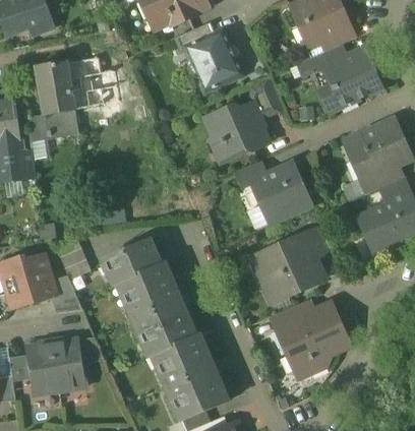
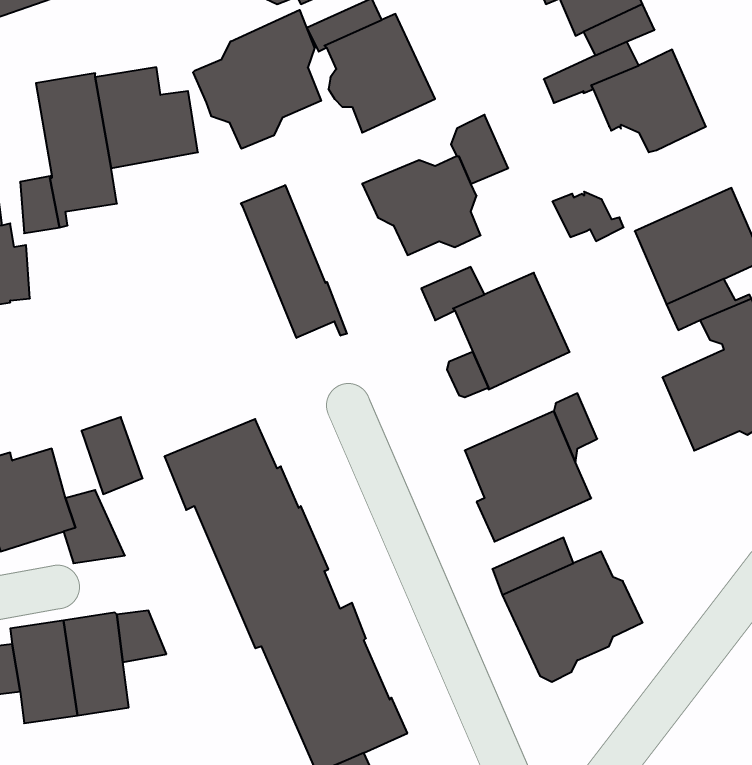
building: none -> [193,10,321,149]
building: [321,87,358,113] -> [552,192,624,241]
building: none -> [241,185,347,338]

